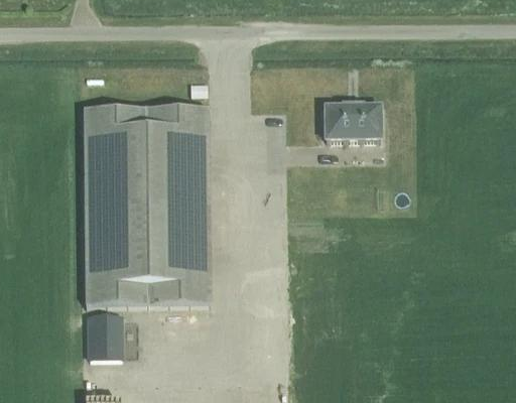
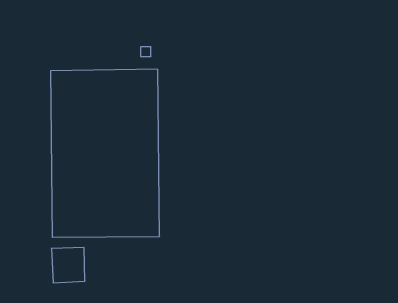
building: [322,103,381,140] -> none

